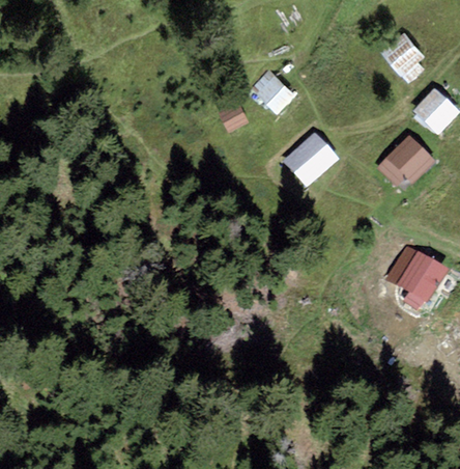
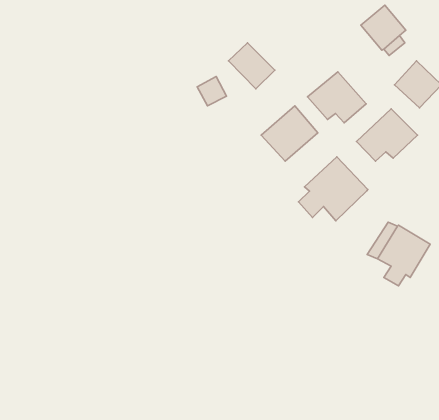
building: none -> [308,72,366,123]
building: none -> [298,157,368,221]

